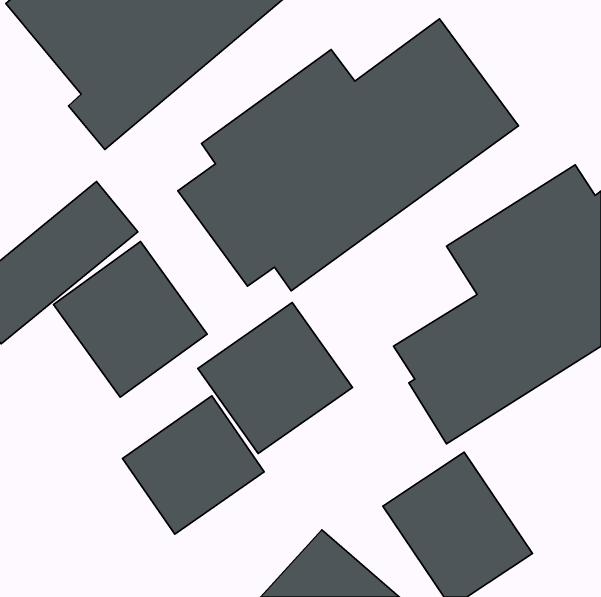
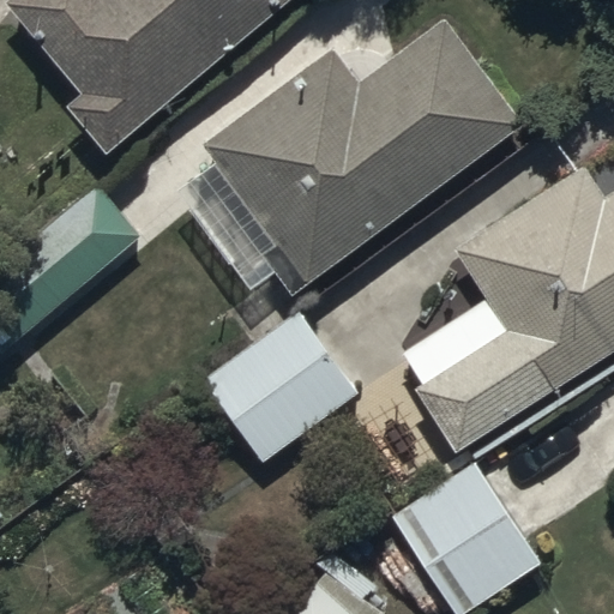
building: [53,241,207,397] -> none
building: [122,396,264,534] -> none

